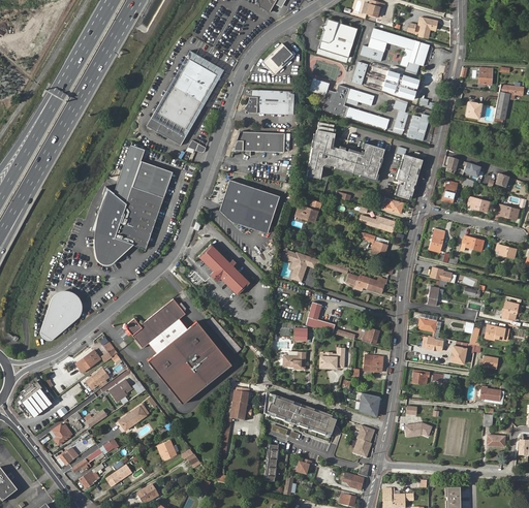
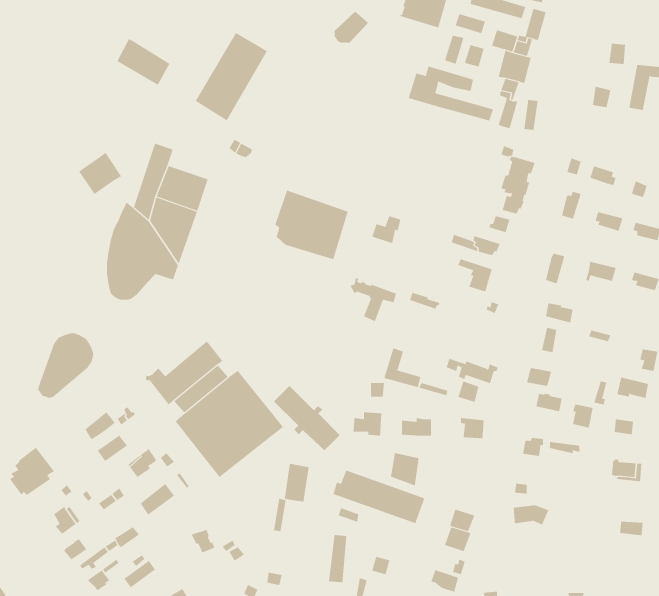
building: [245,88,288,114] -> none
building: [148,109,189,146] -> [116,38,170,86]
building: [307,121,384,178] -> none
building: [237,133,285,157] -> none
building: none -> [78,152,122,195]
building: [196,244,248,294] -> [273,385,341,451]
building: [347,273,387,292] -> [446,358,498,384]
building: [360,391,382,417] -> [390,453,420,486]

